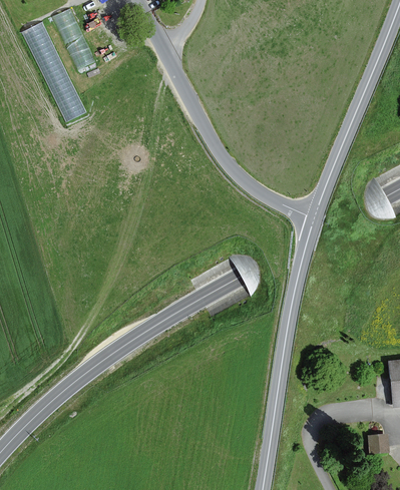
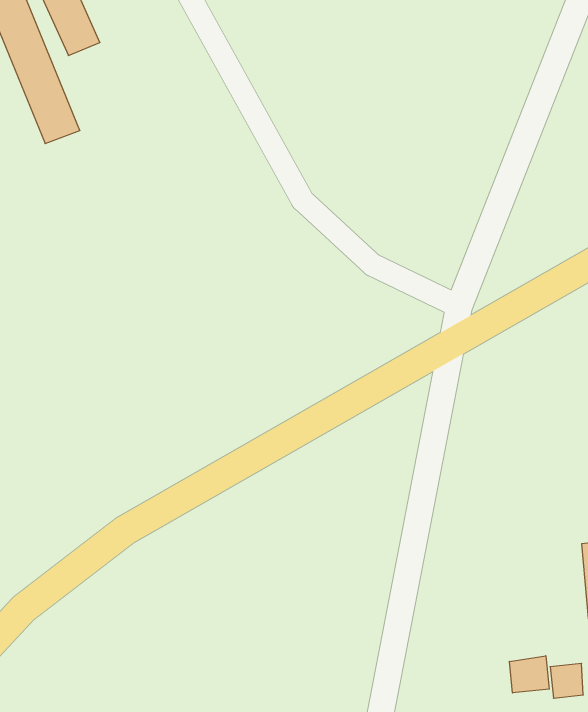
building: none -> [509,656,549,693]

